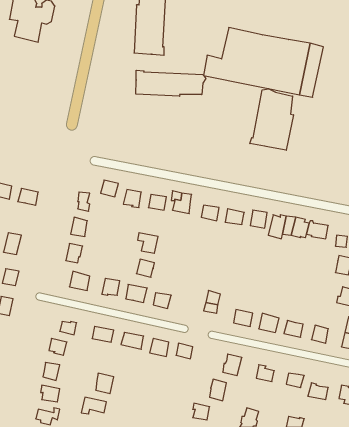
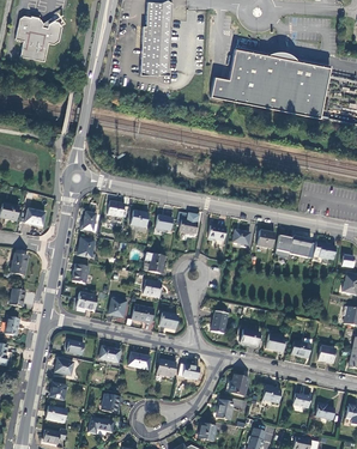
building: [136,70,206,96] -> none
building: [250,89,293,150] -> none

